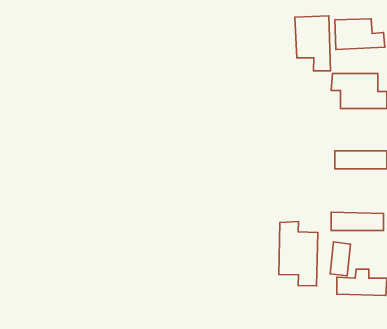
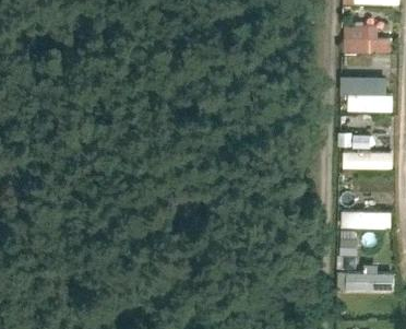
building: [295,16,331,71] -> none
building: [279,222,318,286] -> none

